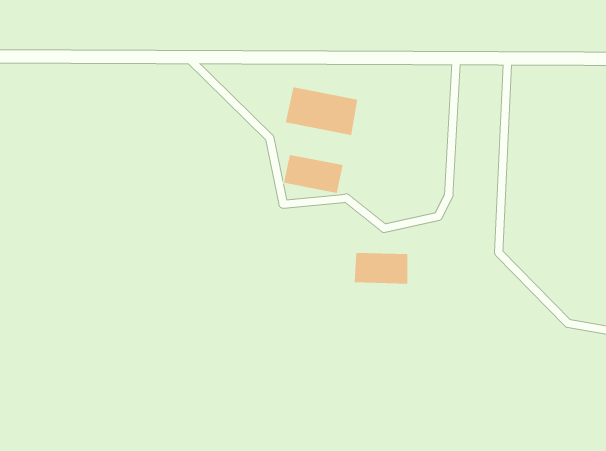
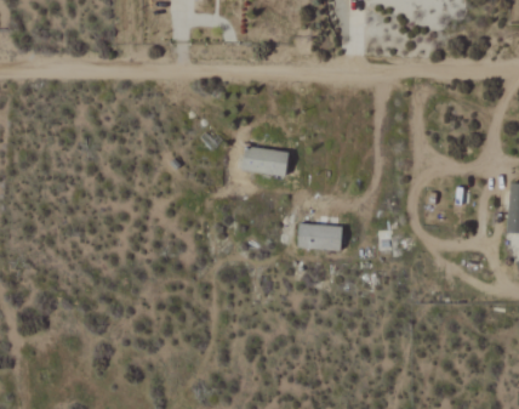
building: [285,87,358,136] -> none

